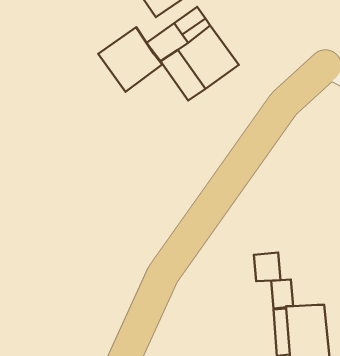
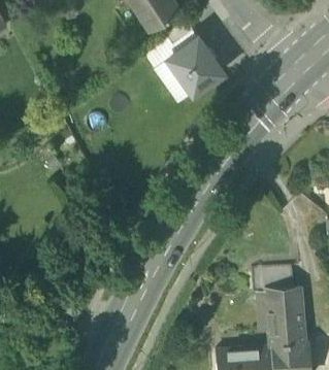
building: [98,27,162,92] -> none
building: [254,252,280,281] -> [270,264,294,290]

